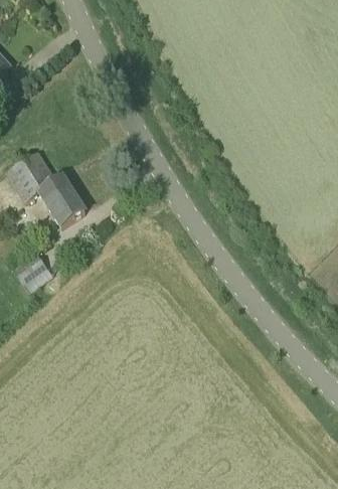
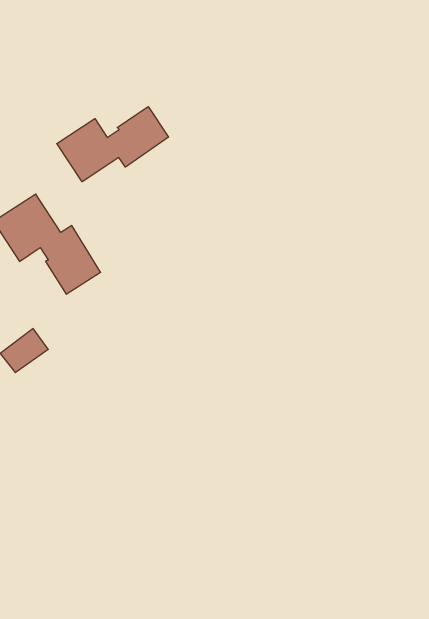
building: none -> [57,107,169,182]

